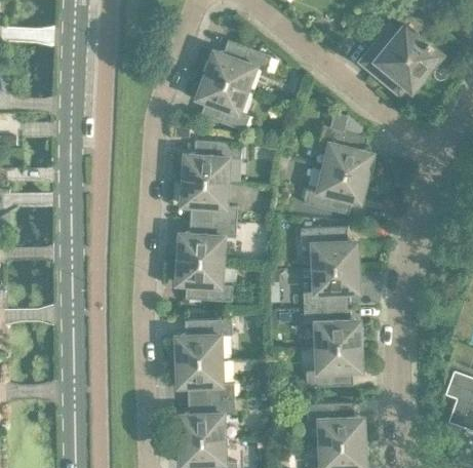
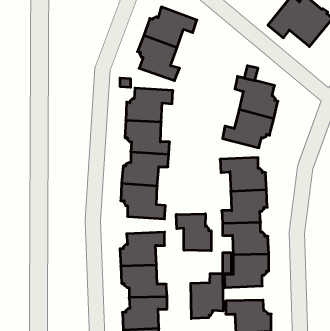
building: none -> [176,214,211,251]
building: none -> [191,273,223,319]

